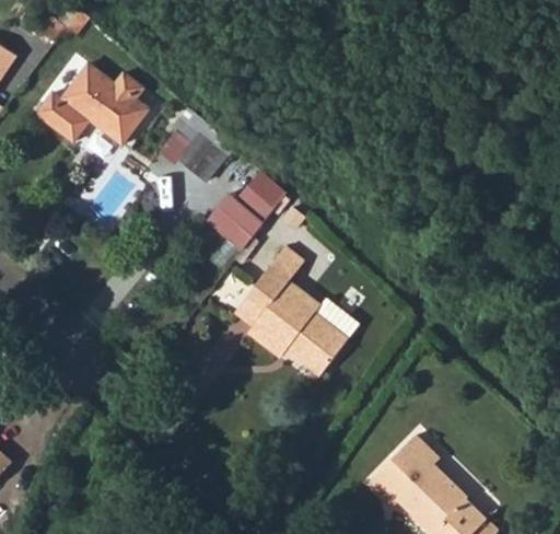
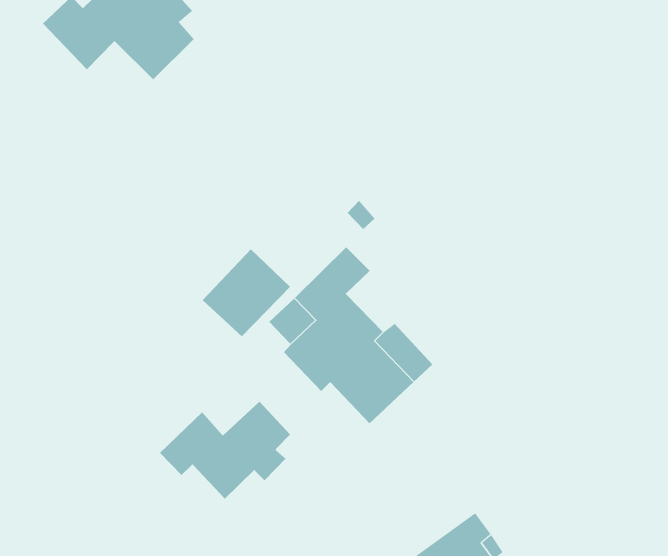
building: [179,123,228,182] -> none
building: [211,178,276,245] -> [202,248,291,337]
building: none -> [159,401,291,500]

